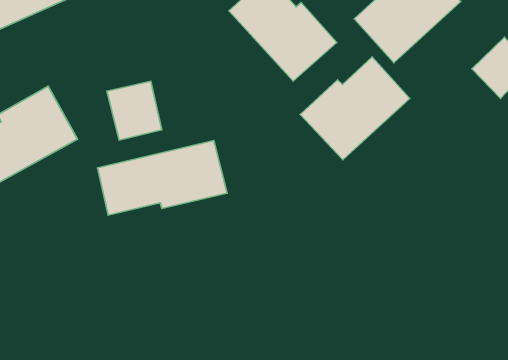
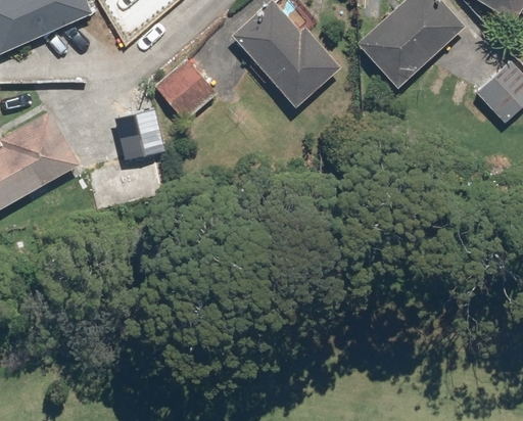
building: none -> [154,59,217,122]
building: [300,57,410,160] -> none
building: [97,141,227,215] -> none

